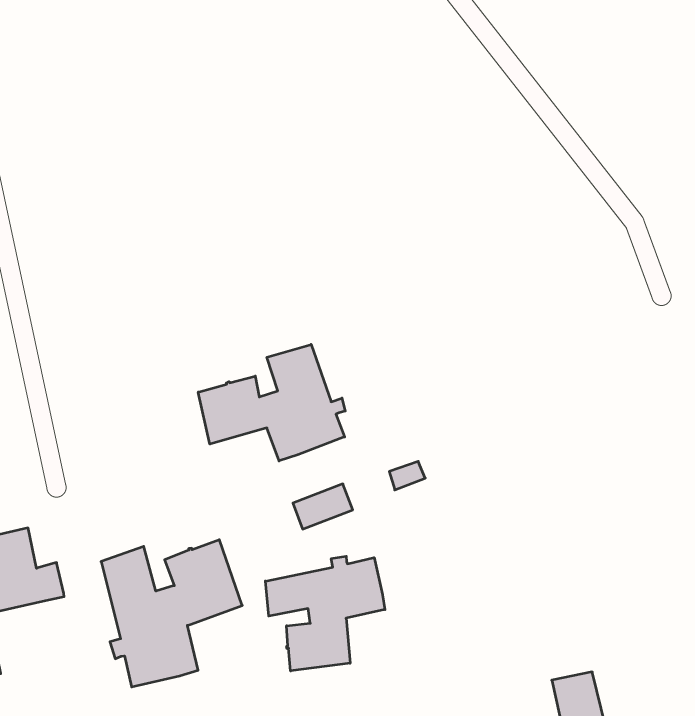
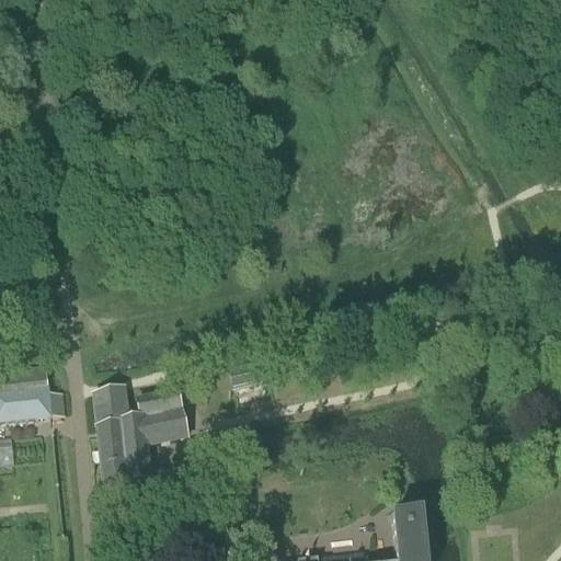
building: [198,344,345,461] -> none
building: [265,556,385,671] -> none

